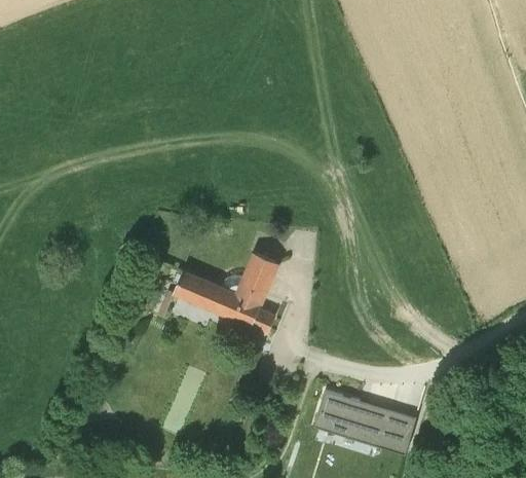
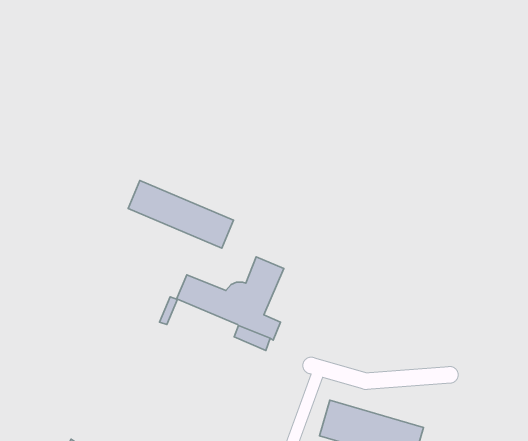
building: none -> [128,180,234,248]

